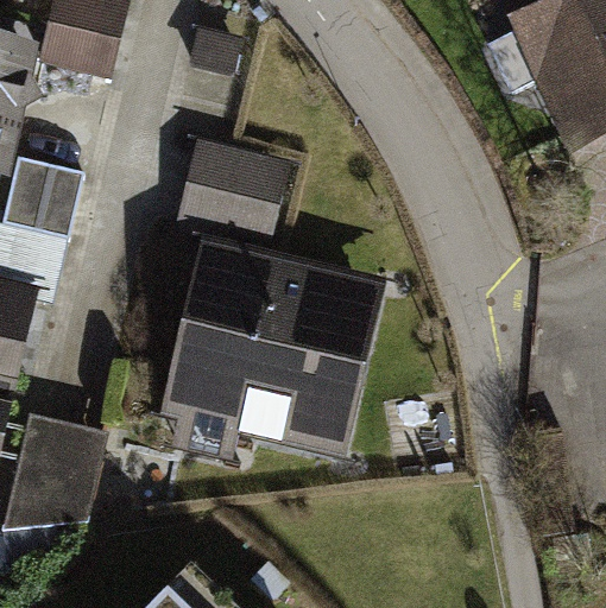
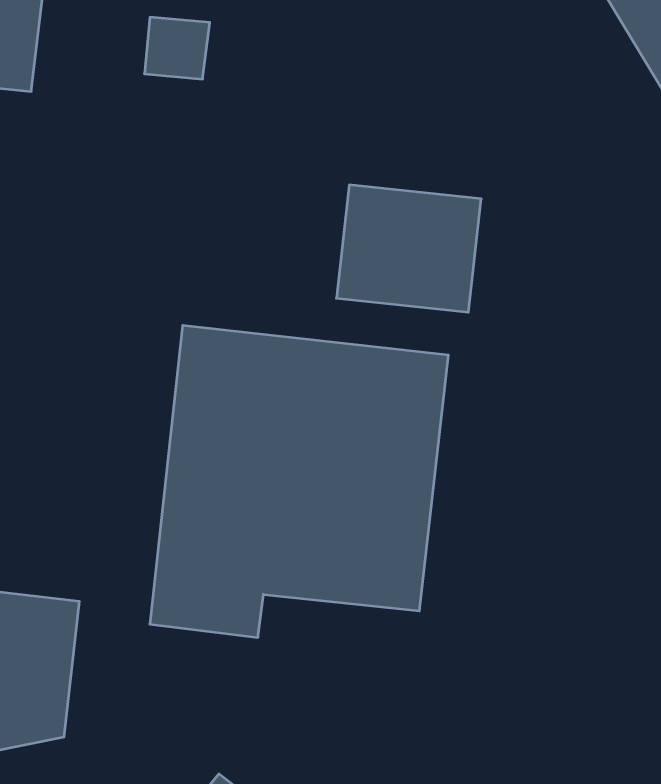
building: [179,140,289,239] -> [336,185,481,312]

